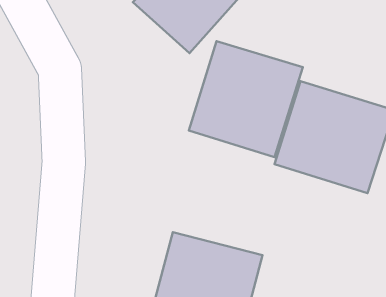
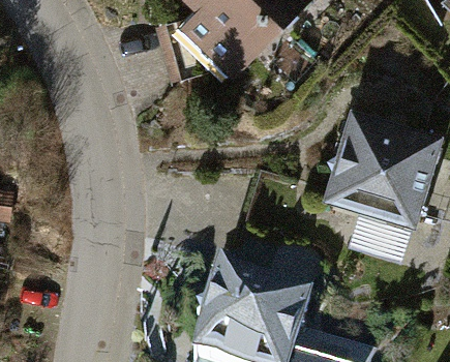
building: [189,41,303,157] -> none

